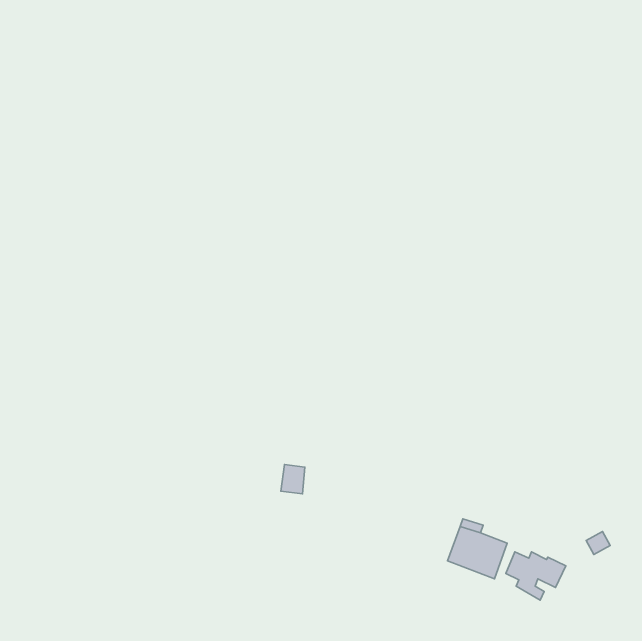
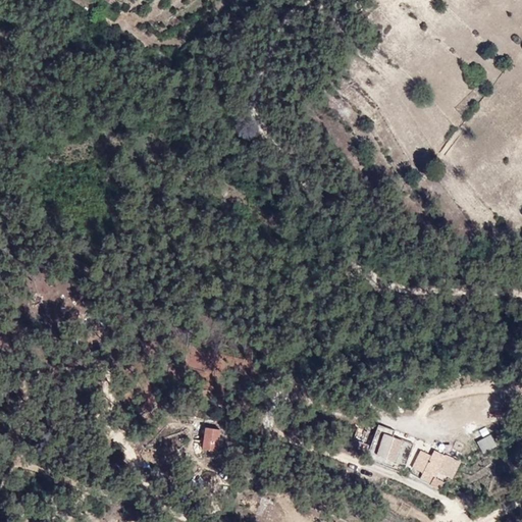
building: [281,465,305,494] -> [203,425,222,449]

